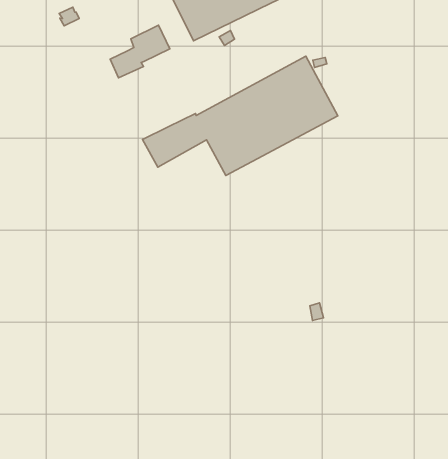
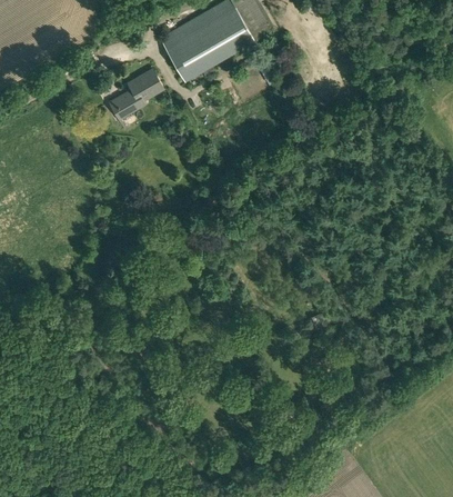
building: [142,56,338,176] -> none

